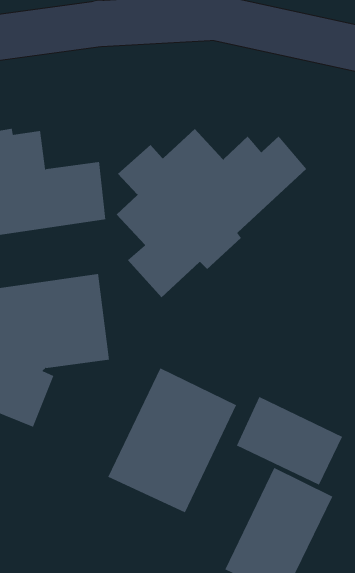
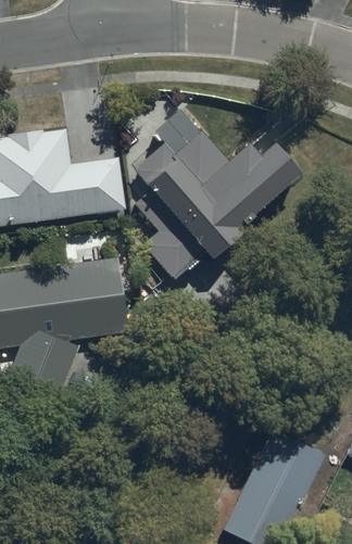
building: [108,368,237,513] -> none
building: [236,396,343,485] -> none

